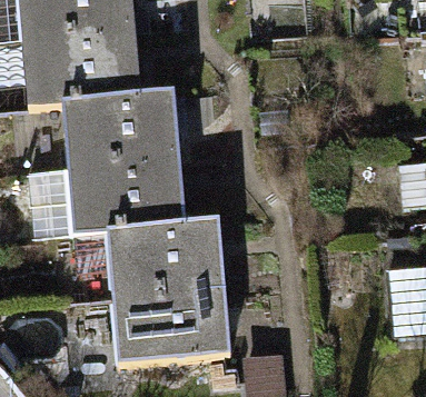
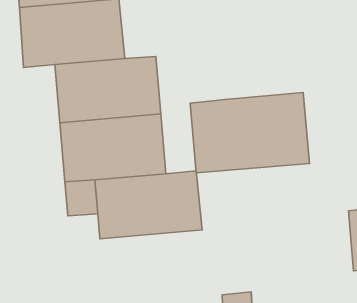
building: none -> [190,92,310,173]
building: [111,286,230,360] -> none

